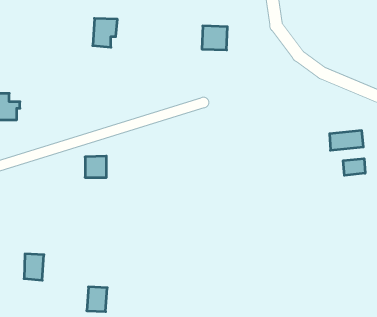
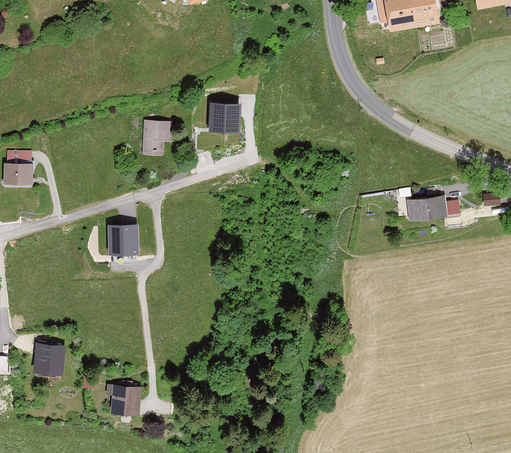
building: [93,18,117,47] -> [143,120,173,155]
building: [202,26,227,50] -> [210,101,241,130]
building: [343,159,365,175] -> none

